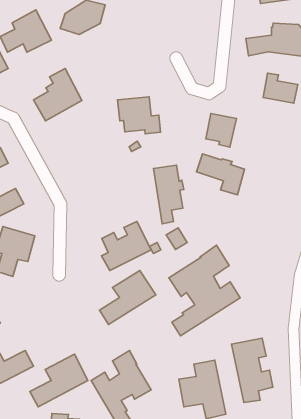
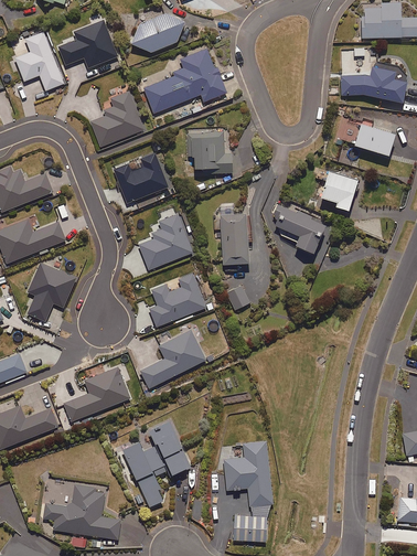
building: none -> [142,49,225,113]
building: [206,113,237,147] -> [320,170,357,211]
building: none -> [113,151,169,203]
building: none -> [139,213,193,269]
building: [169,245,240,336] -> none
building: [232,338,273,403] -> none
building: [30,354,88,407] -> [64,365,131,421]

